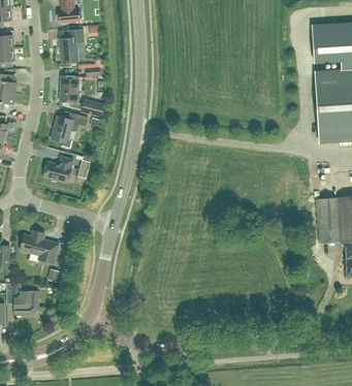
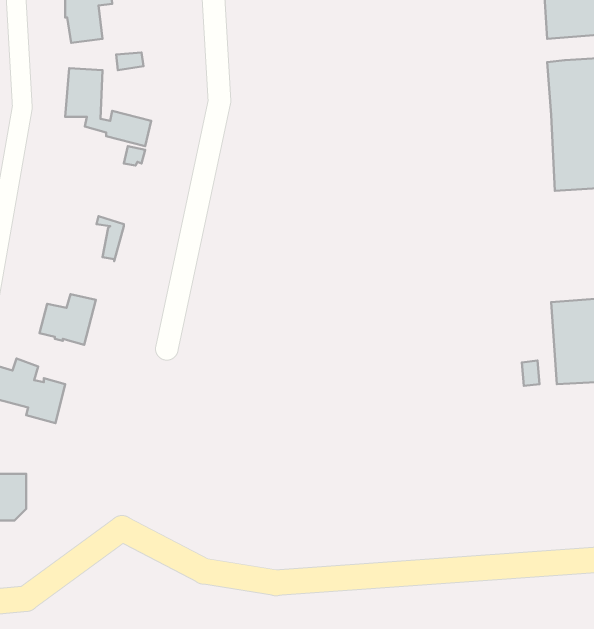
building: [51,111,88,147] -> none
building: [43,156,73,183] -> [39,294,96,345]

